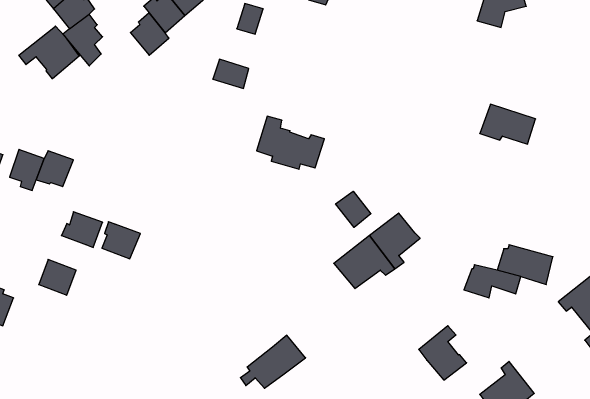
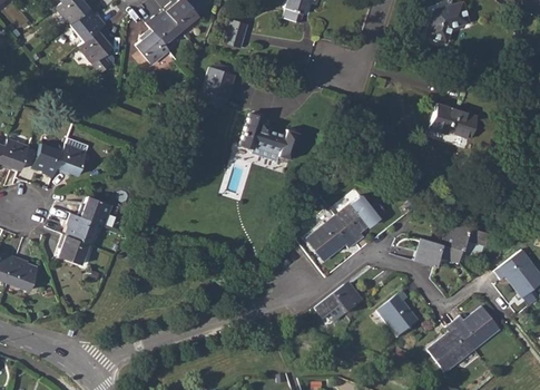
building: [19,26,79,79] -> none
building: [336,191,371,227] -> none
building: [102,222,140,259] -> [66,213,98,244]
building: [240,335,306,388] -> [308,282,363,326]
building: none -> [452,306,499,348]

